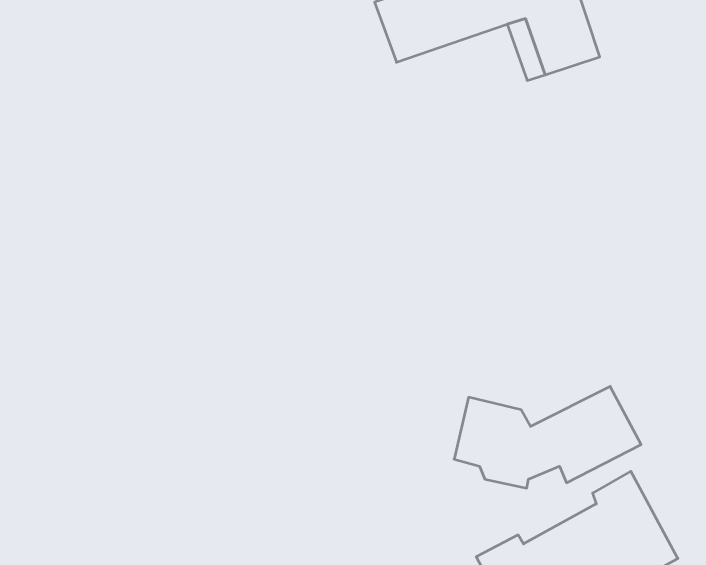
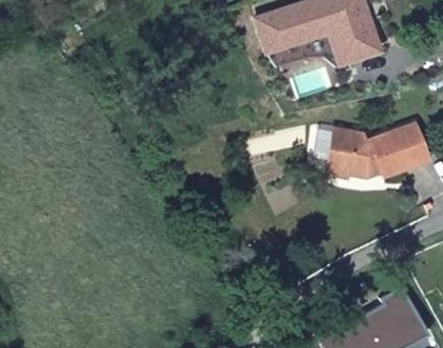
building: [454,386,641,488] -> [324,126,429,183]

